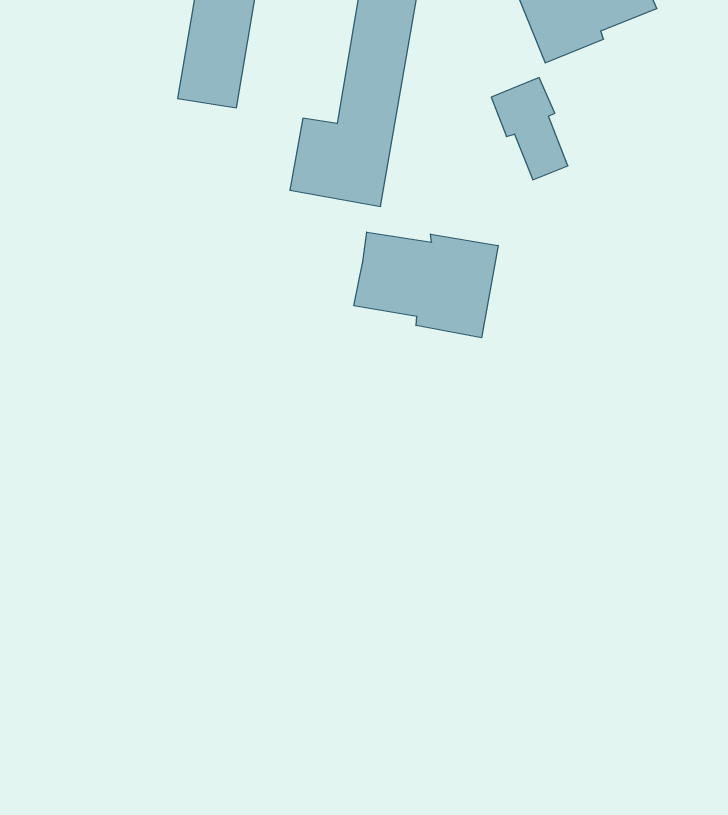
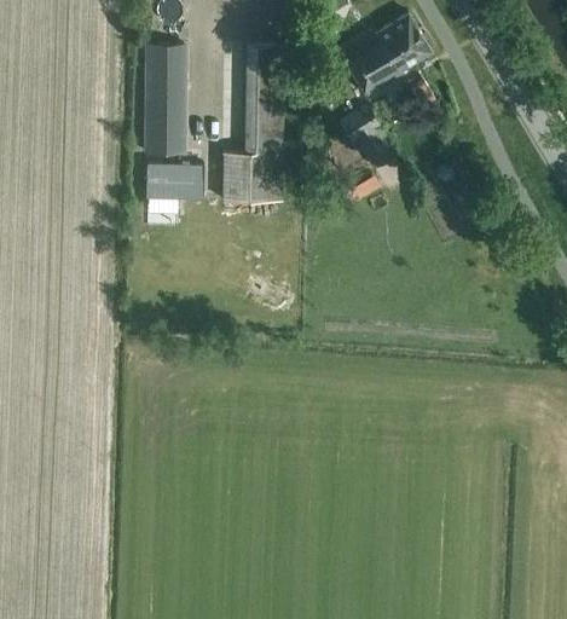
building: none -> [147,163,206,199]
building: [354,232,498,338] -> none

